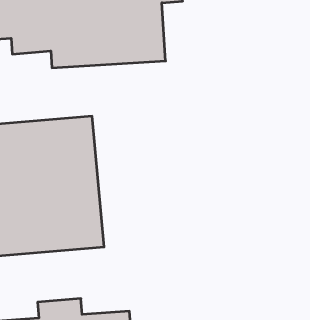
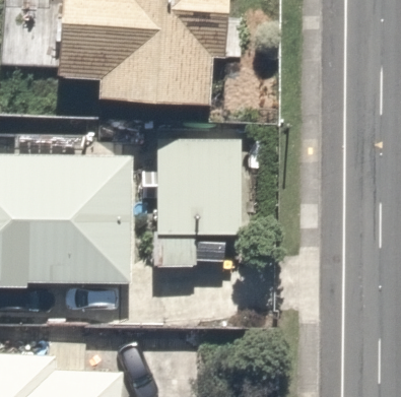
building: none -> [154,138,236,242]

